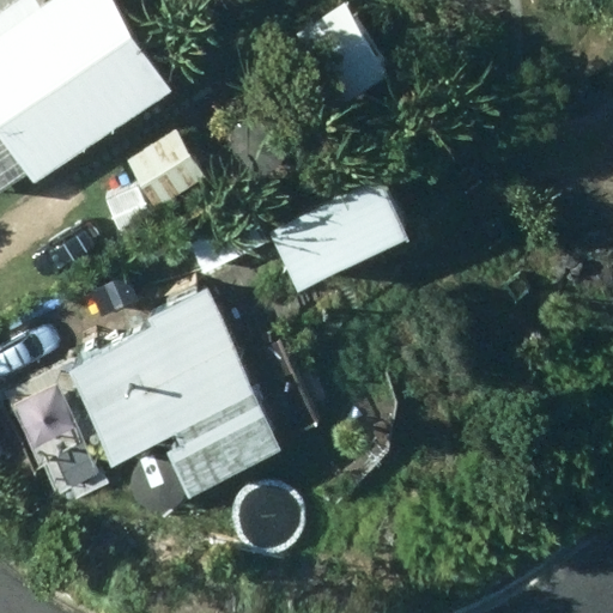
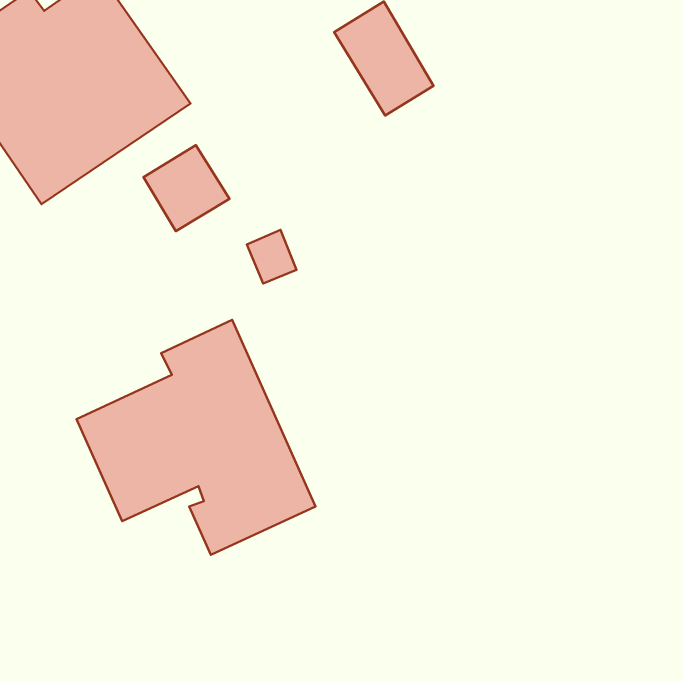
building: [267,180,409,292] -> none

